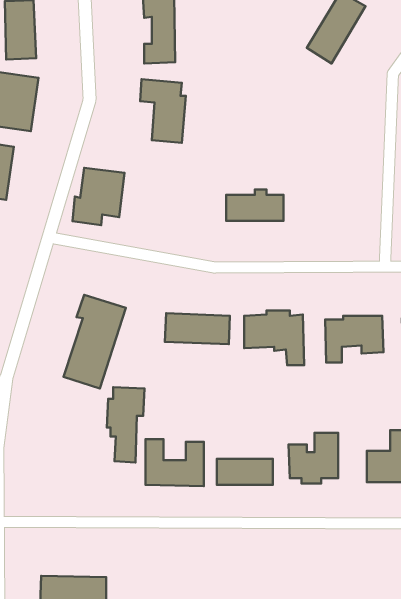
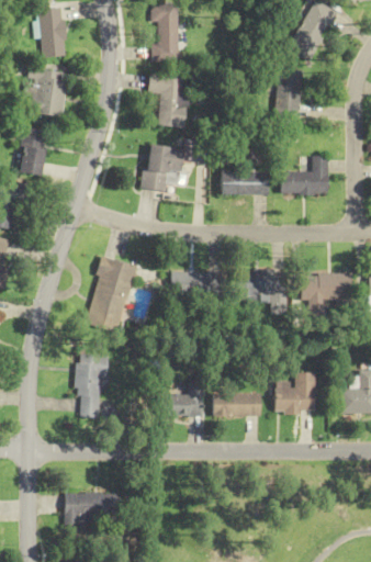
building: none -> [277,68,304,117]
building: [72,168,124,225] -> [140,143,184,191]
building: none -> [282,156,330,193]
building: [107,387,145,463] -> [75,353,106,417]

